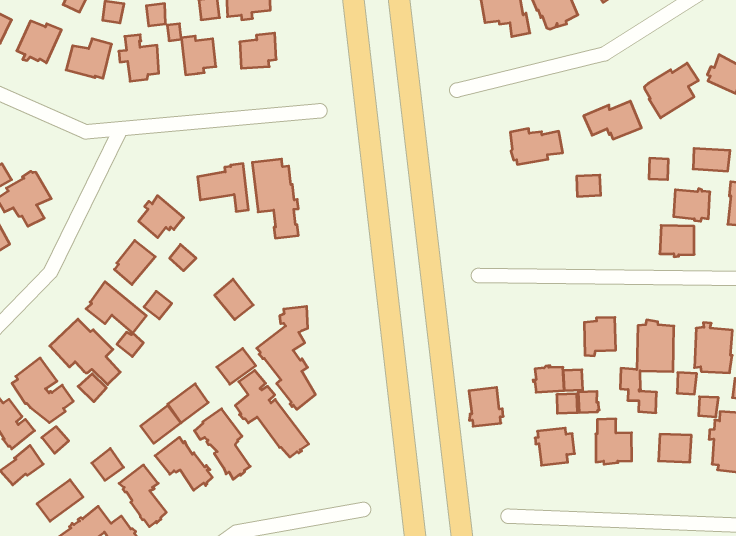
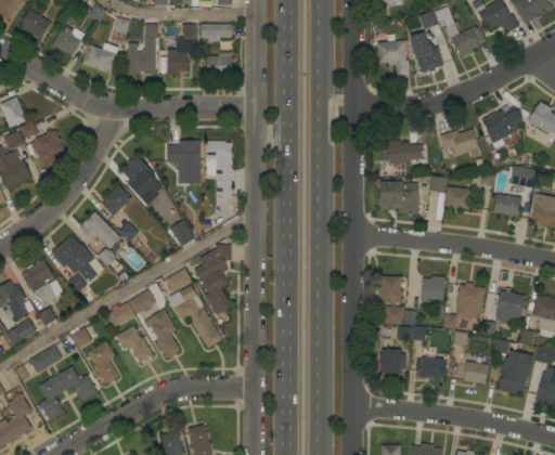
building: none -> [379,182,418,214]
building: [660,225,694,257] -> [444,186,470,209]
building: [469,387,503,426] -> [379,276,403,301]

